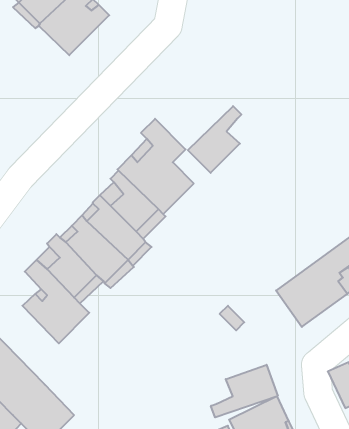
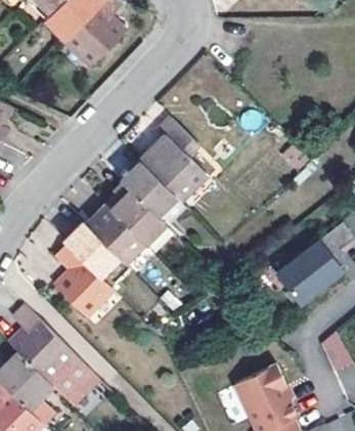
building: [188,106,241,173] -> none
building: [211,365,278,417] -> none

